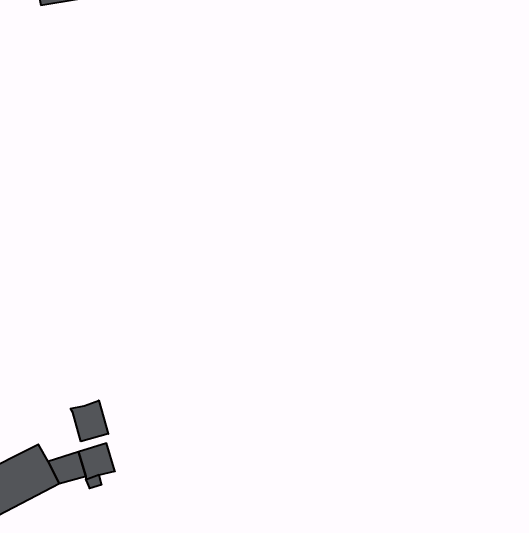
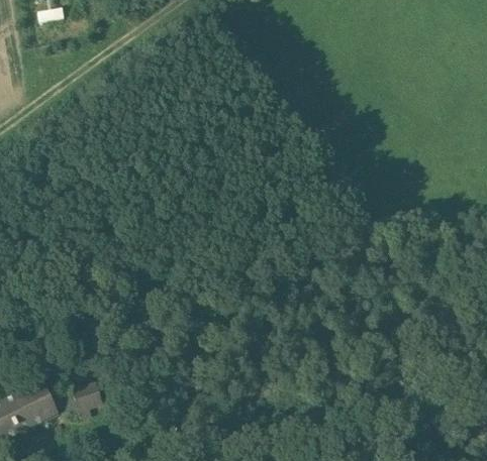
building: [71,400,108,441] -> none

